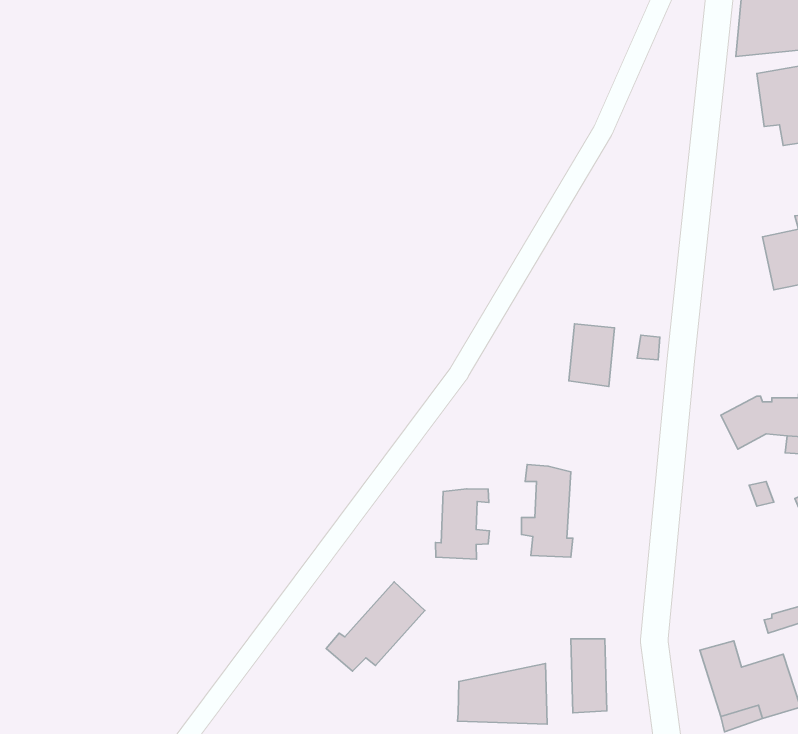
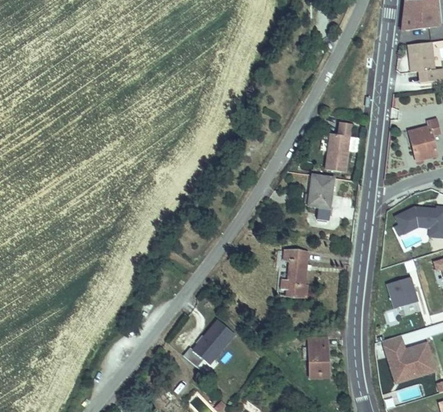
building: none -> [328,122,352,168]
building: [435,489,490,559] -> none
building: none -> [382,280,415,313]
building: [458,664,547,724] -> none

